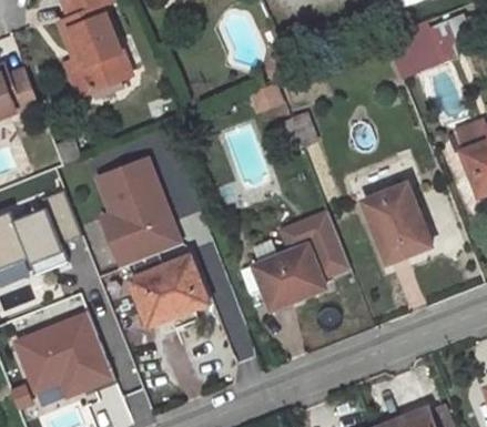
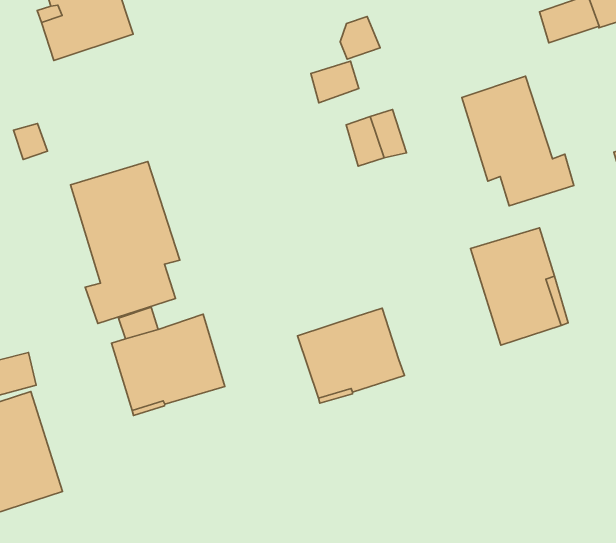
building: none -> [462,76,574,206]
building: [283,213,348,277] -> none

